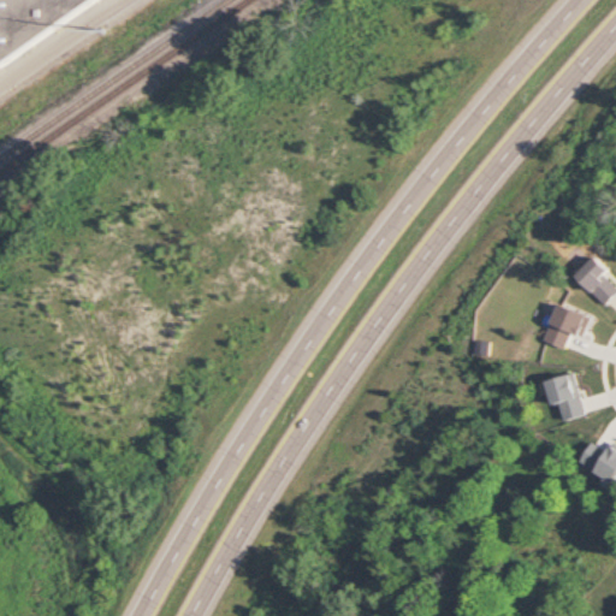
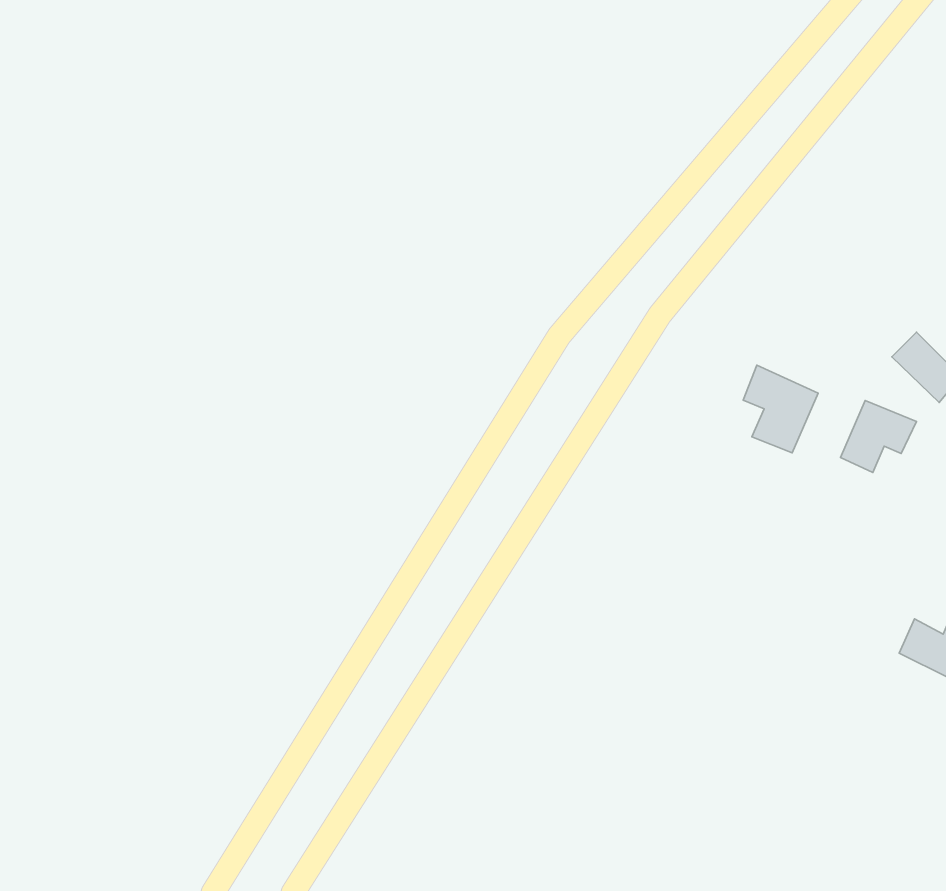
building: none -> [743,365,818,453]
building: [546,374,582,420] -> none

